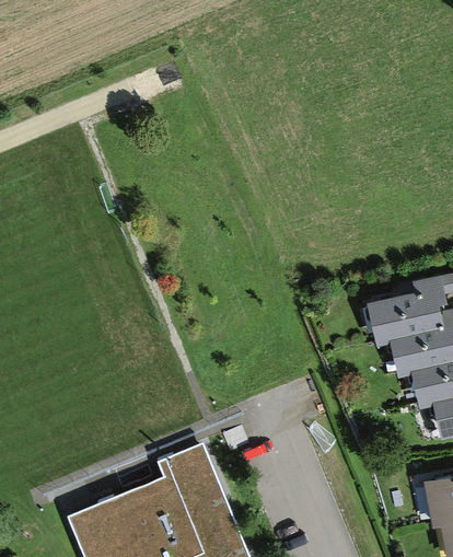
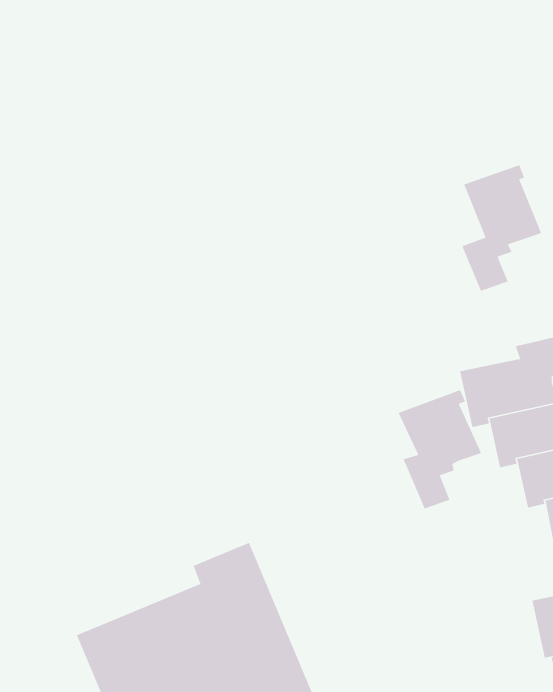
building: none -> [461,164,542,292]
building: none -> [397,389,482,510]

